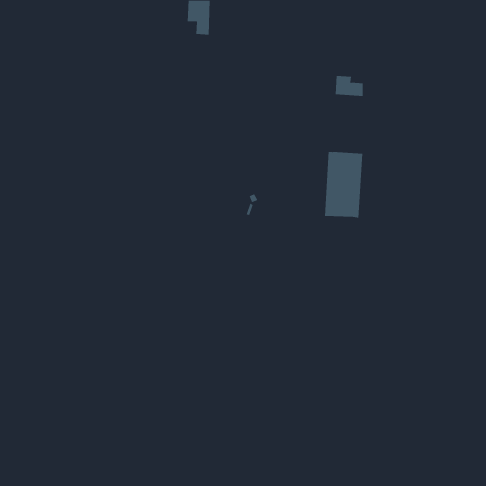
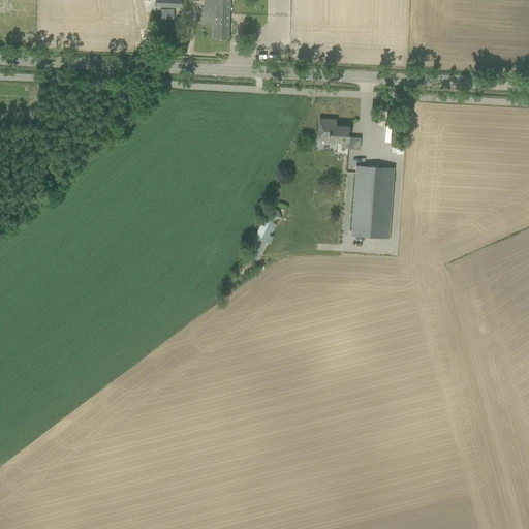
building: [335,76,363,97] -> [318,120,349,143]

